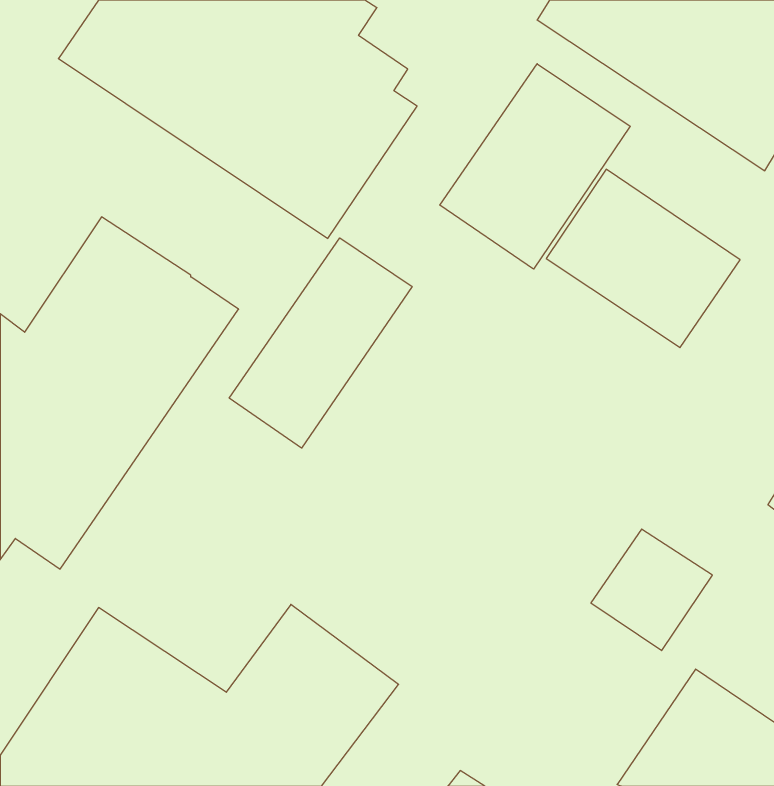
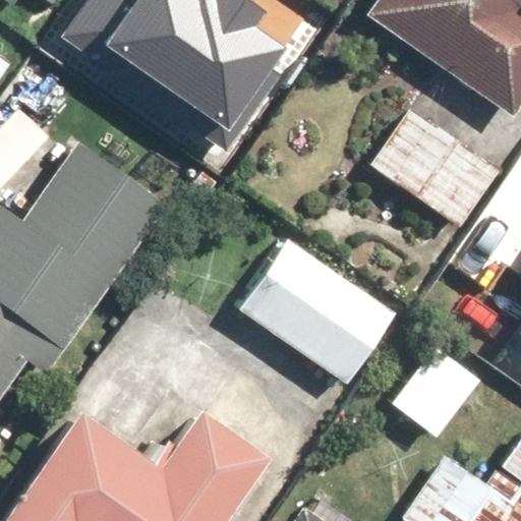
building: [440,64,630,269] -> none
building: [229,238,412,448] -> none
building: none -> [239,238,391,380]

